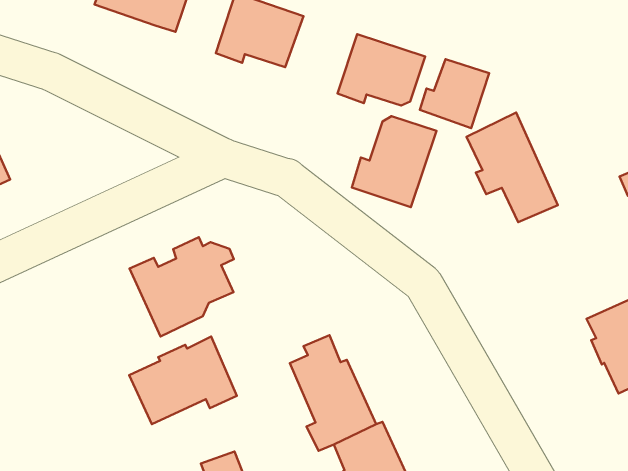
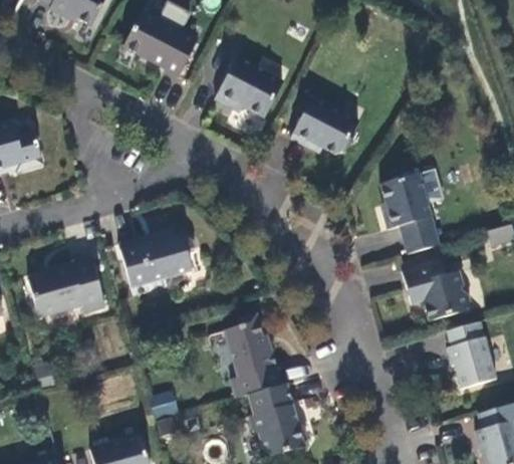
building: [420,59,489,128] -> none
building: [352,116,436,207] -> none
building: none -> [403,259,471,319]
building: [129,337,237,424] -> [28,259,104,316]

